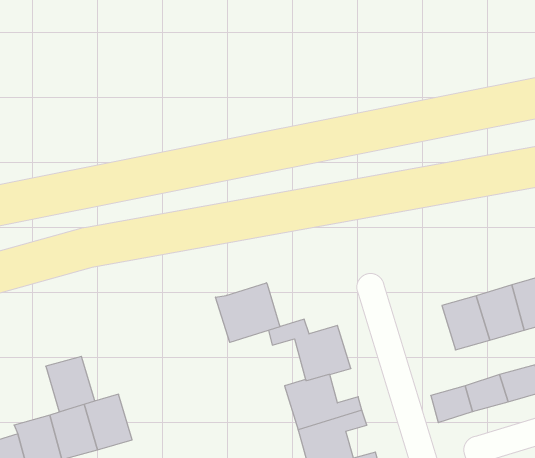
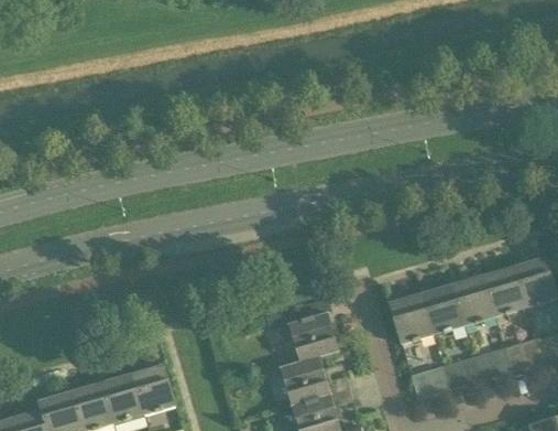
building: [216,283,280,342] -> none
building: none -> [390,293,433,343]
building: [46,356,95,412] -> [131,364,175,413]

